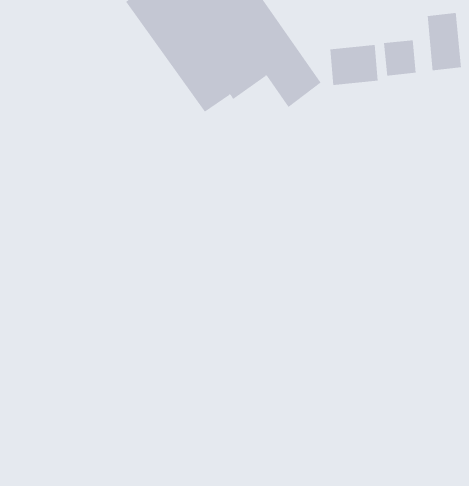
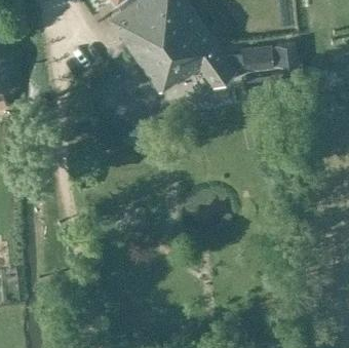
building: [427,12,461,71] -> none

